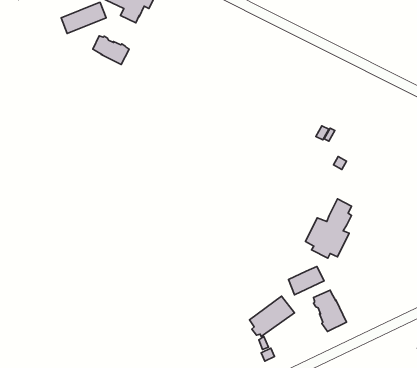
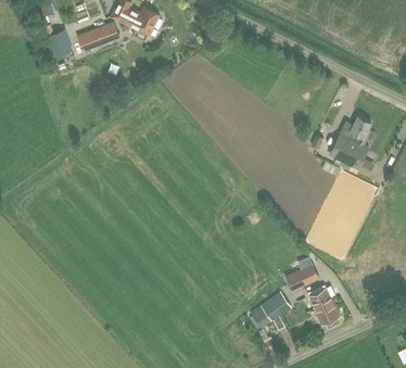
building: none -> [42,28,72,58]
building: [93,36,129,65] -> none
building: [305,199,352,258] -> [328,115,370,169]

